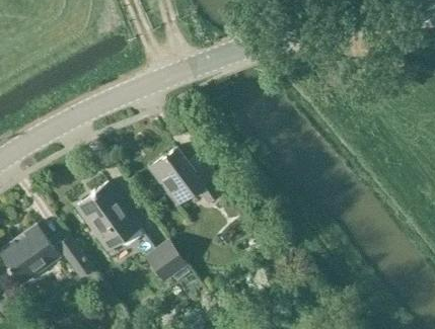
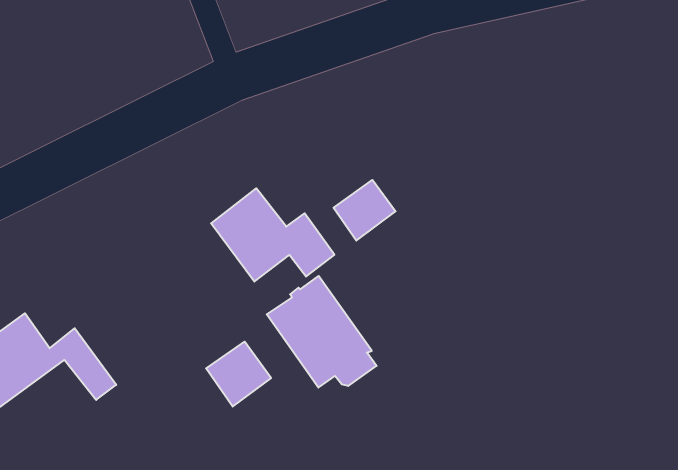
building: none -> [334,180,396,241]
building: [77,181,144,249] -> [267,276,377,388]

